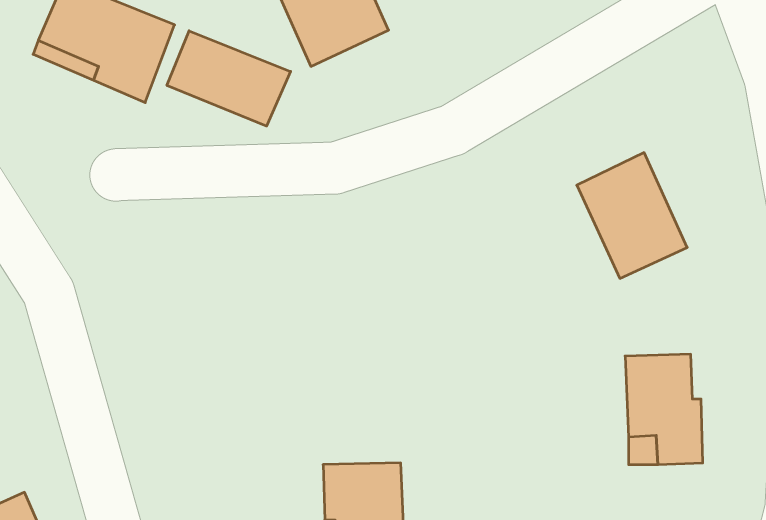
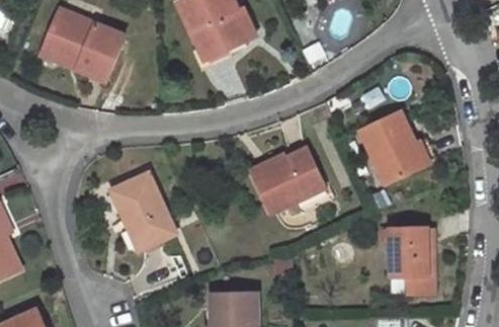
building: [167,31,291,126] -> none
building: none -> [252,149,324,213]
building: none -> [111,174,174,249]

